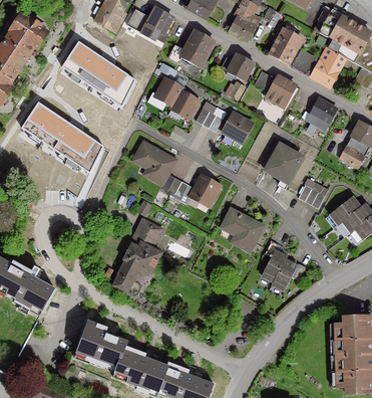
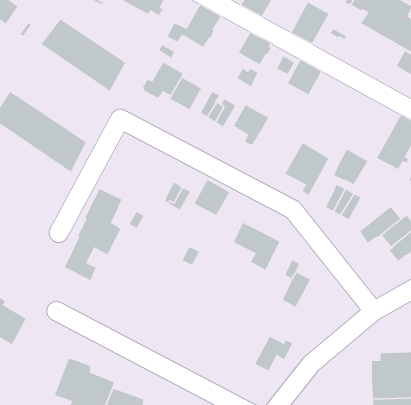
building: [311,46,346,86] -> none
building: [308,98,337,129] -> [333,148,369,185]
building: [134,142,174,183] -> none
building: [113,219,161,295] -> [64,188,123,281]
building: [273,256,305,288] -> [254,332,293,371]

